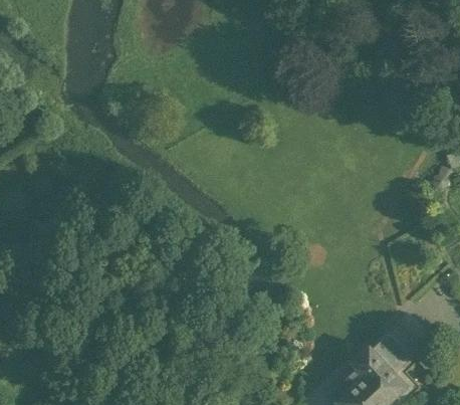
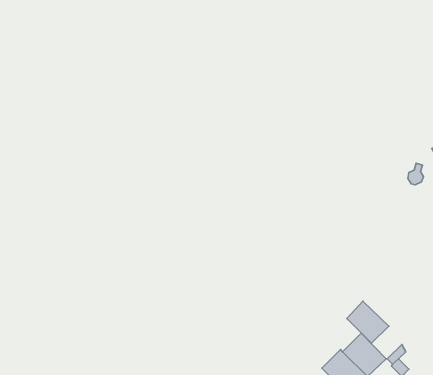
building: none -> [347,301,389,343]

